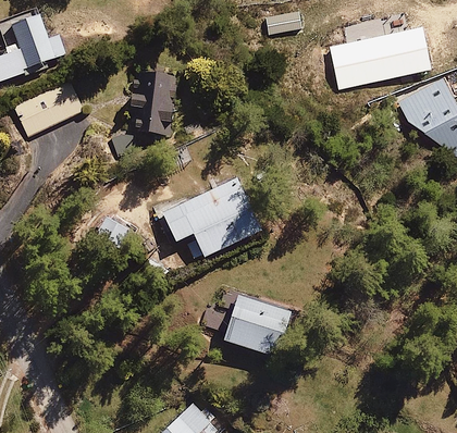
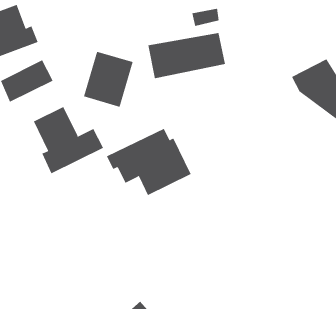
building: [329,27,432,88] -> [147,33,226,79]
building: none -> [33,106,104,174]
building: [224,295,296,364] -> none

